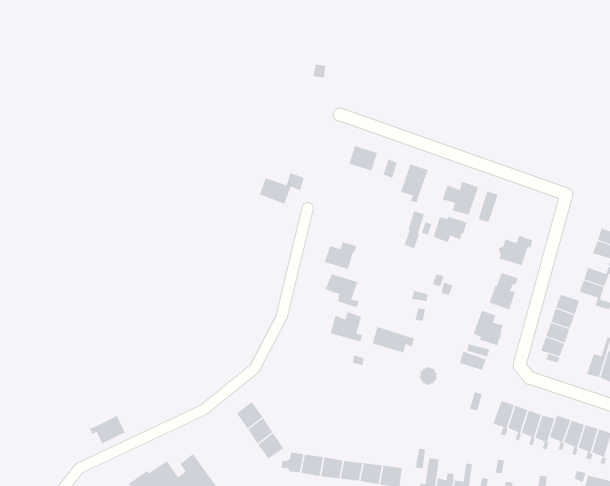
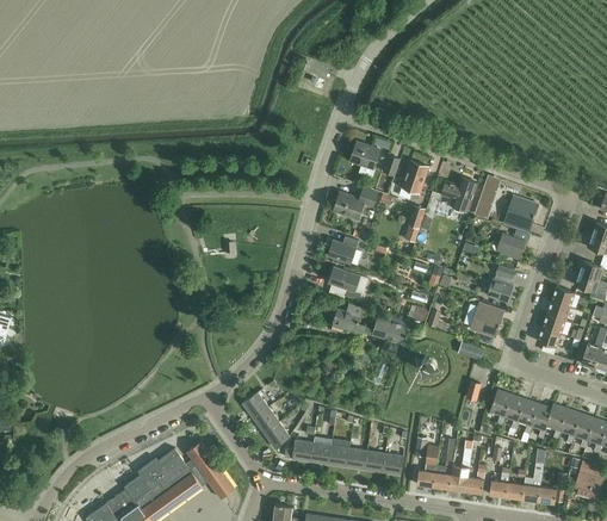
building: [259,172,305,204] -> [333,187,377,218]
building: none -> [503,196,538,228]
building: [433,216,467,243] -> none
building: [89,415,125,444] -> none

